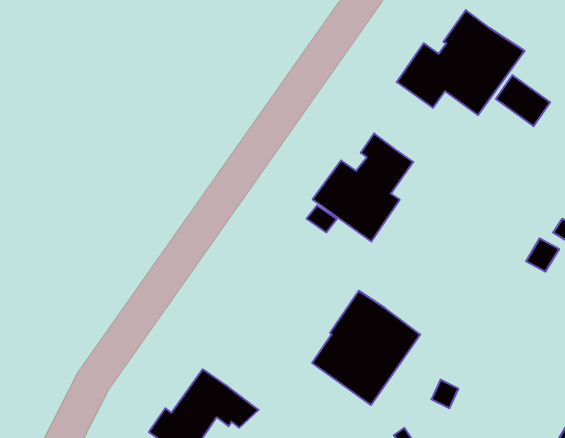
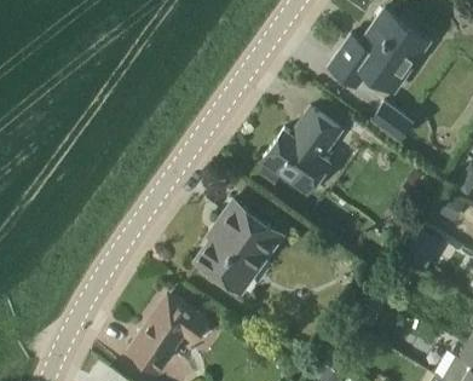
building: [496,75,550,126] -> [370,100,414,142]
building: [312,291,420,405] -> [196,202,283,294]

